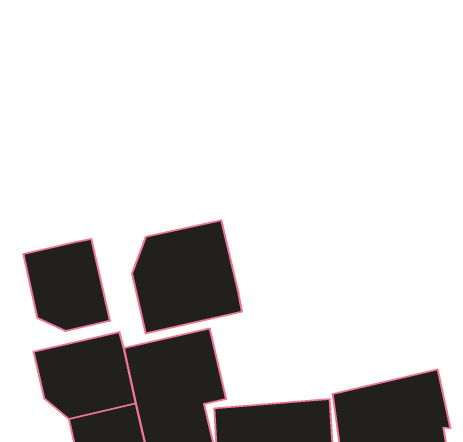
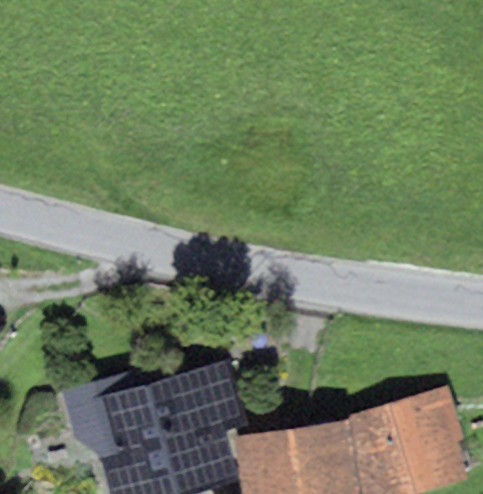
building: [132,220,242,334] -> none
building: [23,239,110,331] -> none

